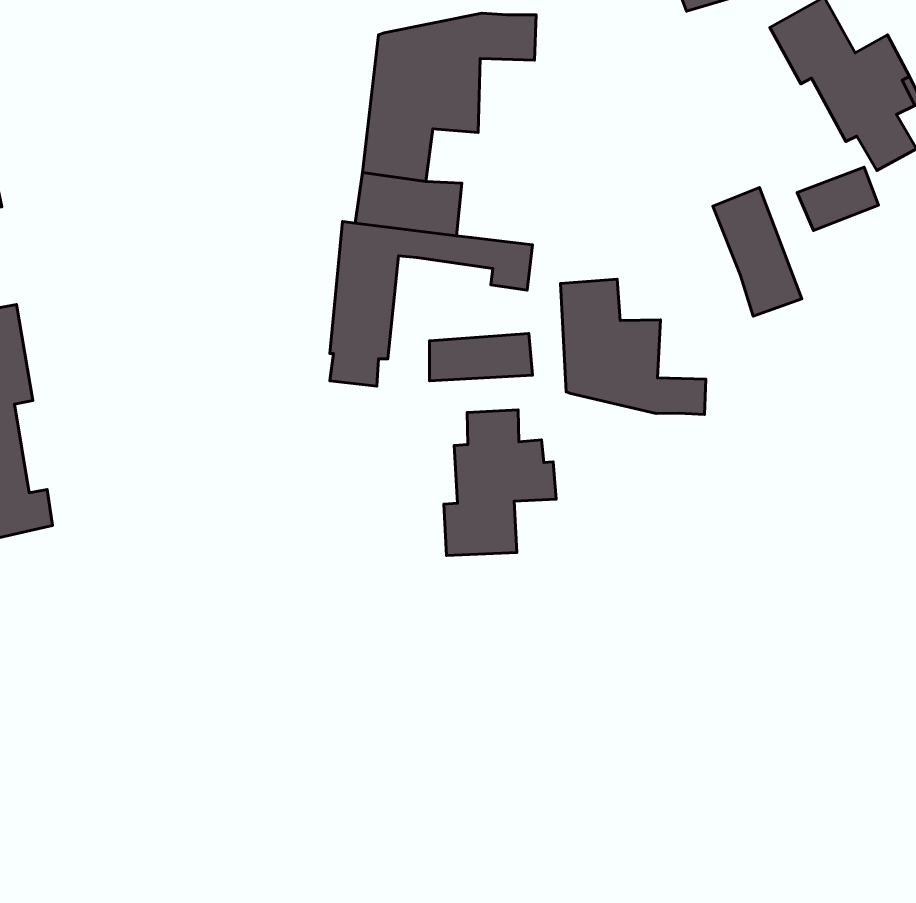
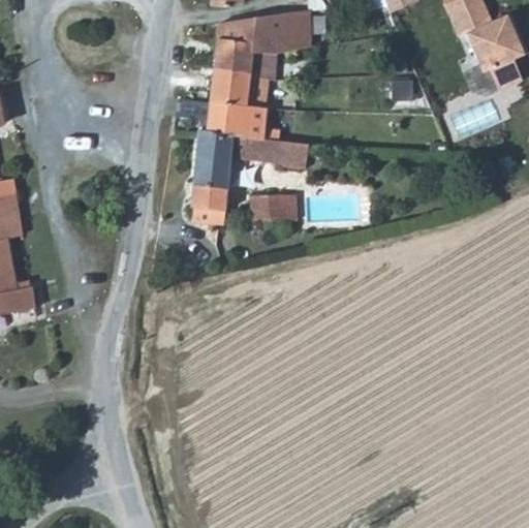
building: [713,187,802,316] -> none
building: [560,279,706,415] -> none
building: [444,410,556,555] -> none

